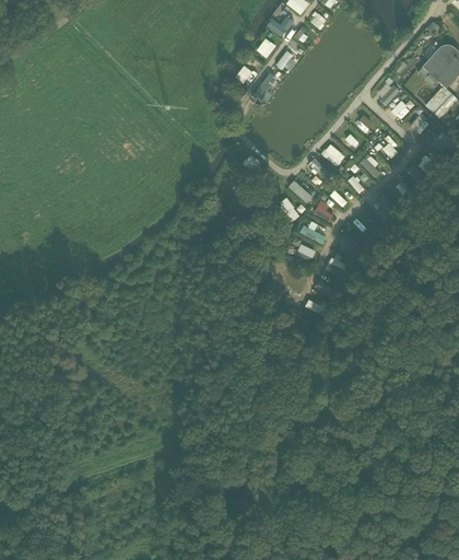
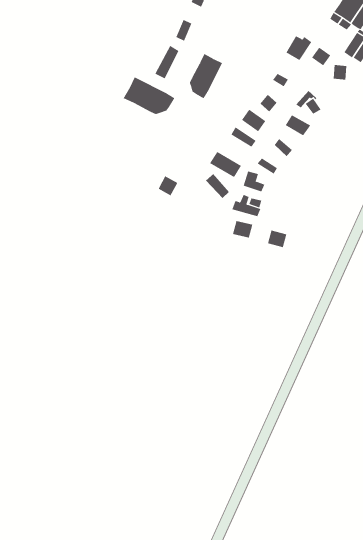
building: none -> [189,53,223,99]
building: none -> [123,76,175,115]

